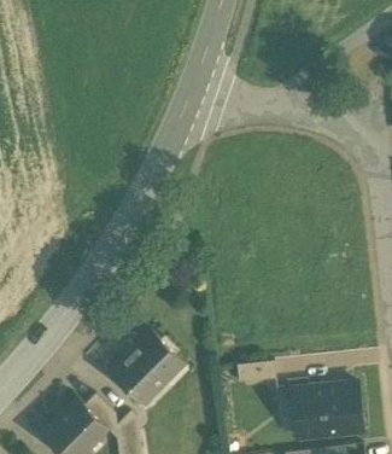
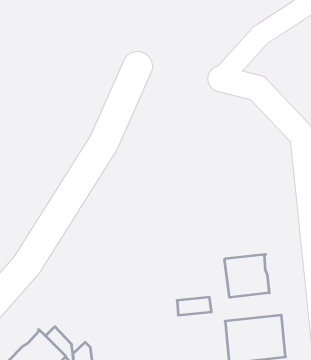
building: none -> [225,254,269,297]
building: [110,331,181,403] -> none

